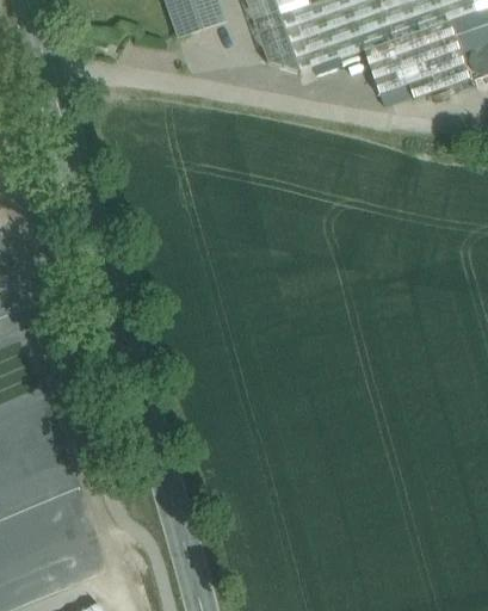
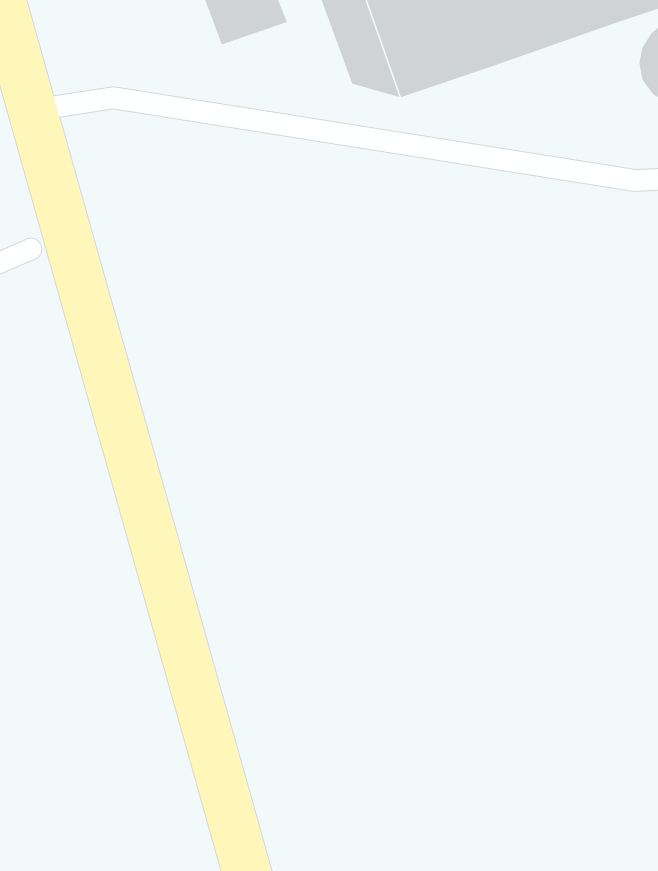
building: [365,16,470,94] -> none

